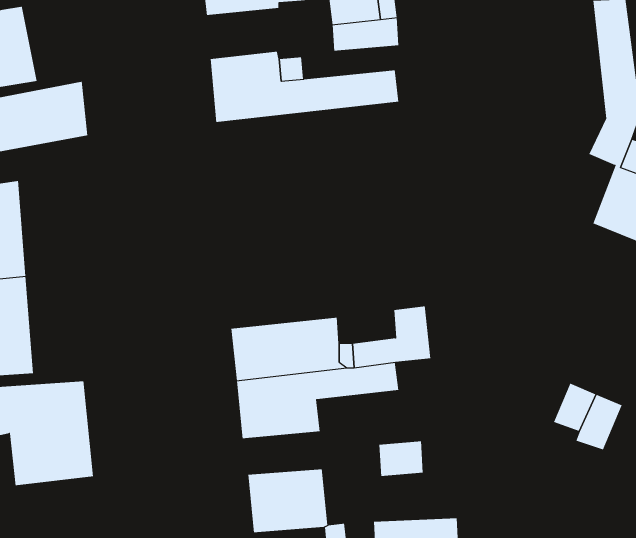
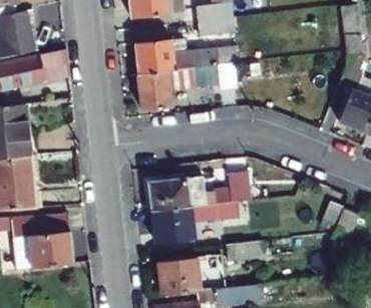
building: none -> [137,61,238,108]

